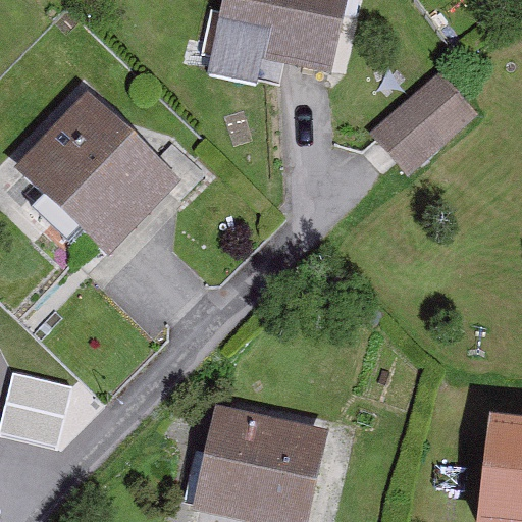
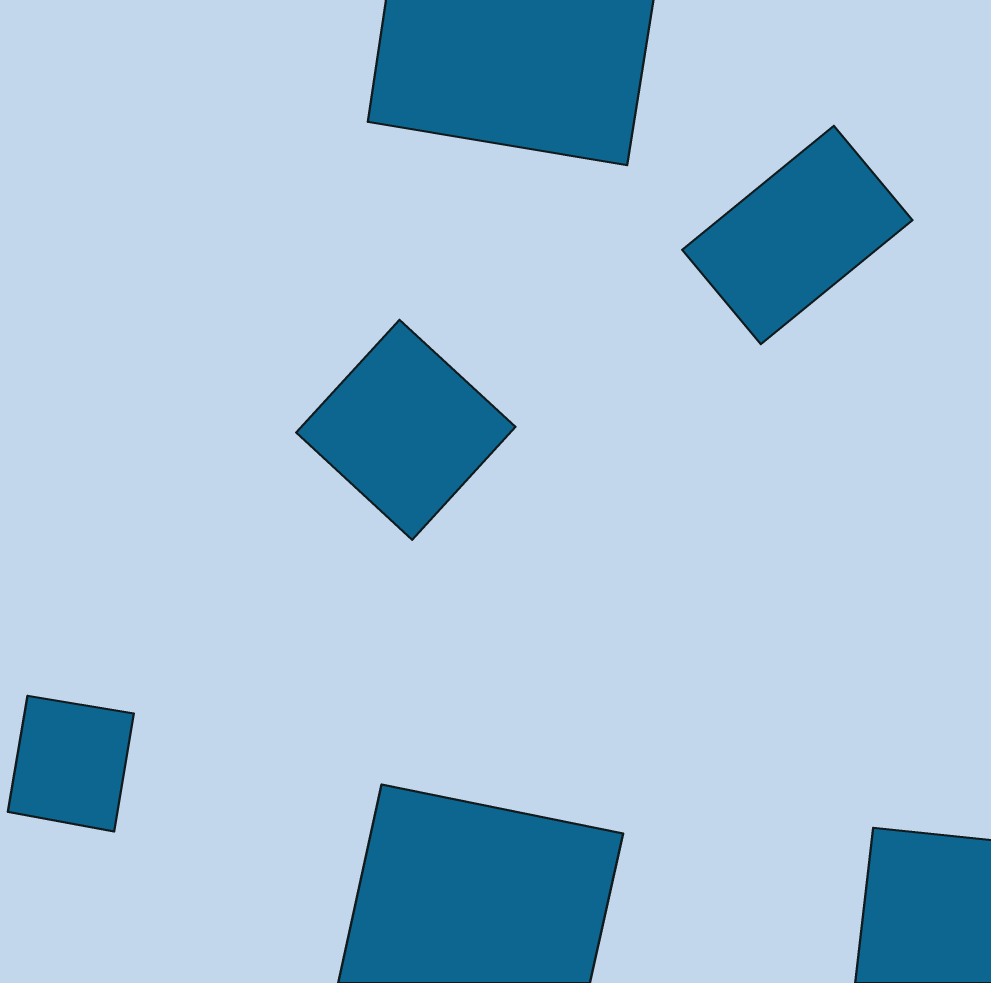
building: [12,90,190,267] -> none
building: none -> [296,320,515,540]

